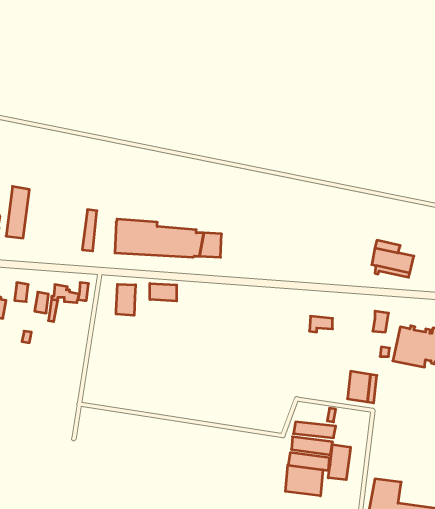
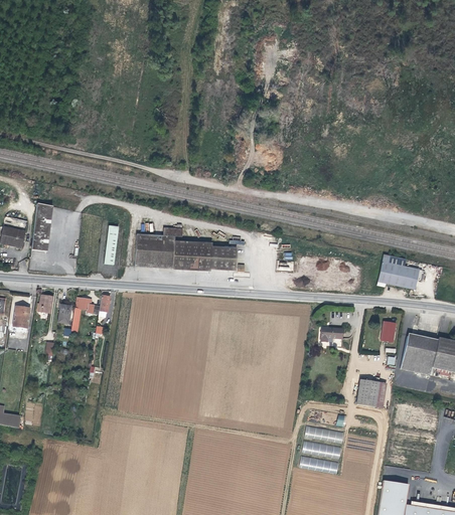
building: [150,283,177,301] -> none
building: [116,284,136,315] -> none
building: [328,444,350,480] -> none
building: [285,465,323,496] -> none

